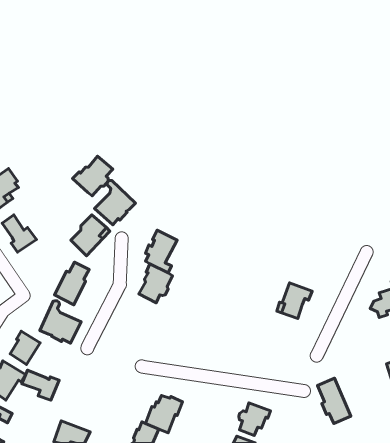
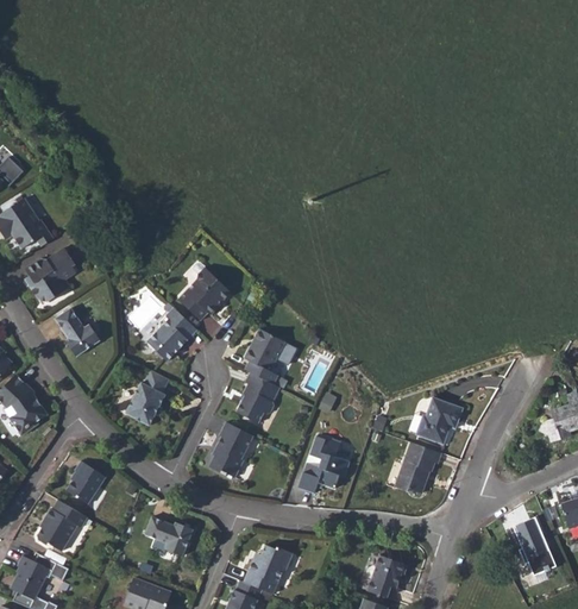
building: [72,156,113,196] -> none
building: [40,301,81,343] -> none
building: none -> [209,422,253,478]
building: none -> [299,437,350,492]
building: none -> [395,442,441,494]
building: [22,370,59,400] -> [144,516,193,555]
building: [317,378,351,424] -> [513,516,557,576]

